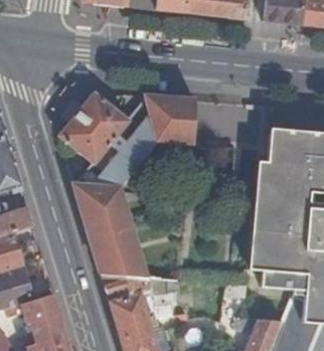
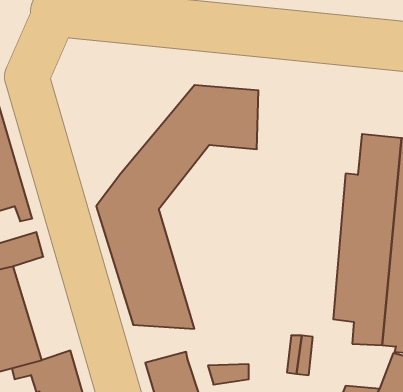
building: [58,92,126,161] -> none
building: [100,273,152,301] -> none

